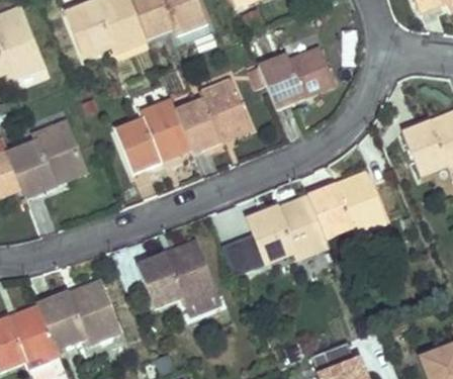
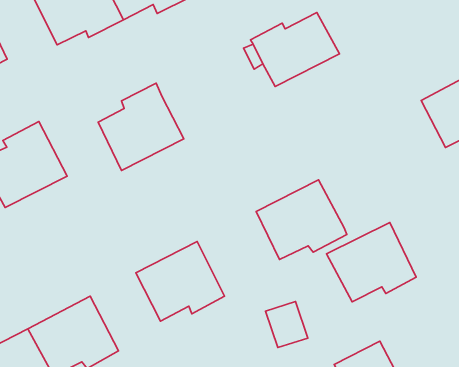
building: [175,78,251,153] -> none
building: [307,171,385,239] -> [327,222,416,302]
building: [223,239,259,278] -> [266,302,308,348]

